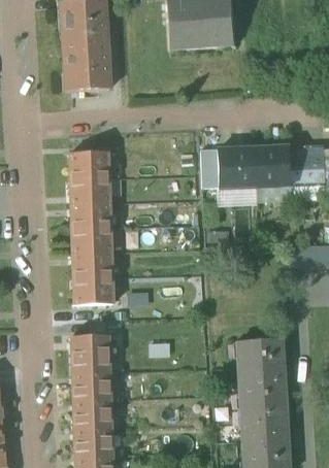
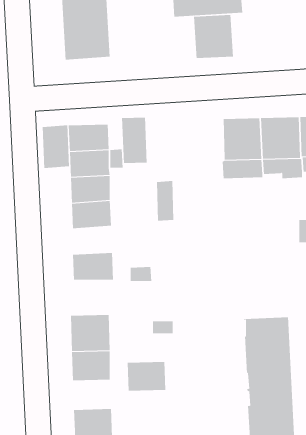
building: none -> [193,14,233,59]
building: none -> [122,117,147,164]
building: [201,147,219,187] -> [156,181,174,221]
building: none -> [42,124,70,169]
building: [72,250,111,278] -> none
building: [72,399,110,428] -> [127,361,166,391]

